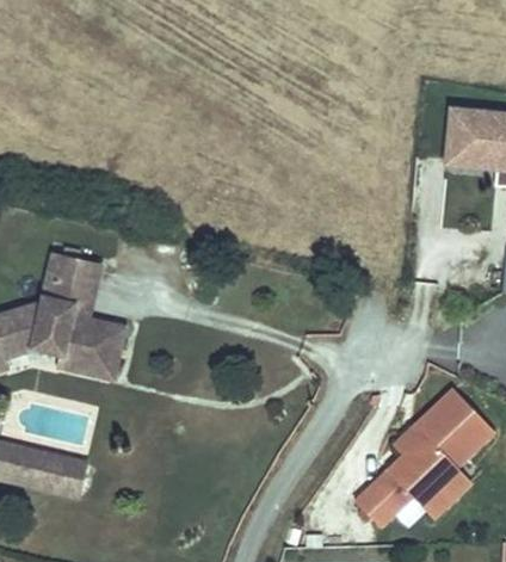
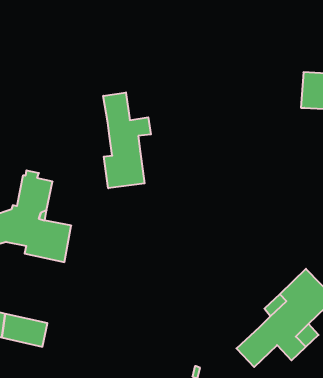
building: none -> [103,92,151,188]

